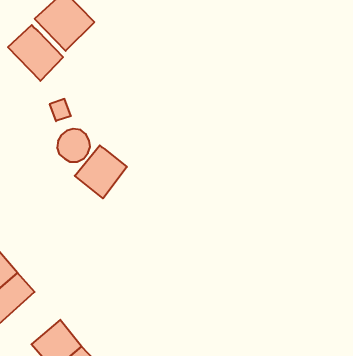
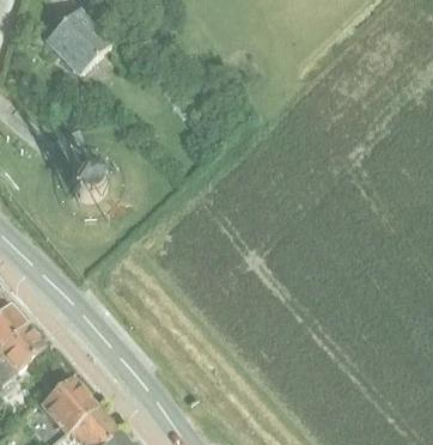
building: [8,25,63,81] -> none
building: [75,145,127,198] -> none

